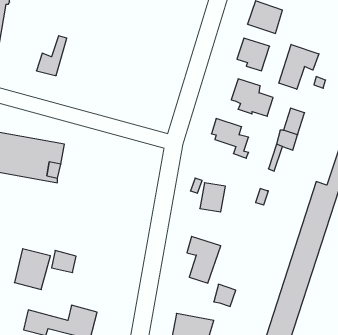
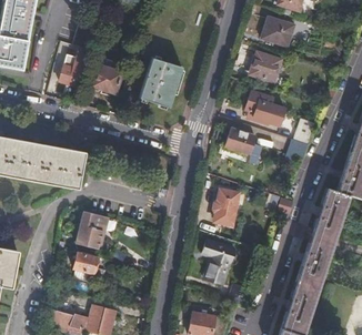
building: [279,44,319,89] -> none
building: none -> [141,58,183,108]
building: none -> [91,59,124,93]
building: [14,249,50,290] -> [77,212,111,251]

